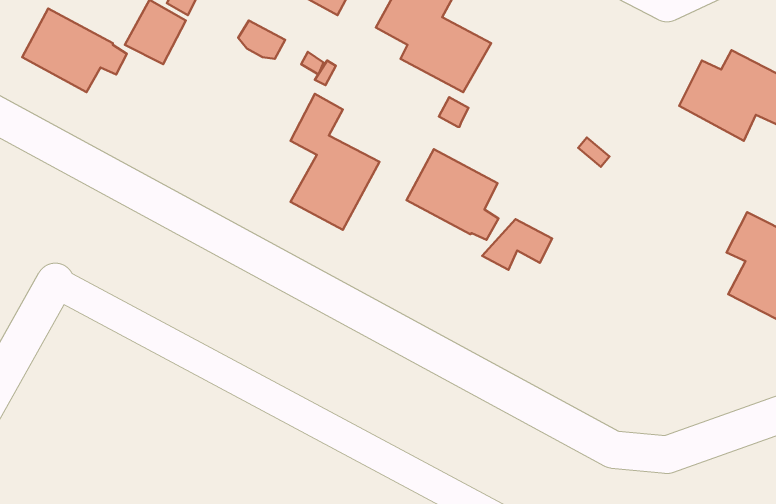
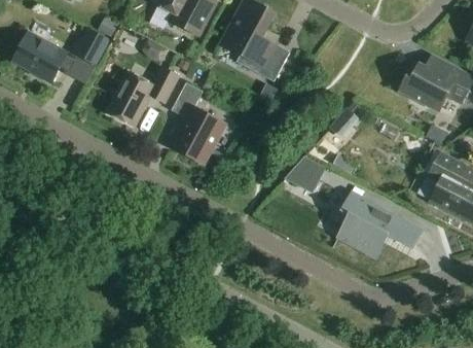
building: none -> [107,67,179,126]
building: [406,149,499,240] -> none
building: none -> [338,193,423,256]

